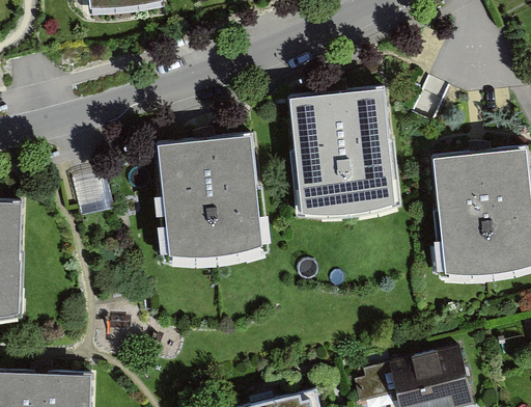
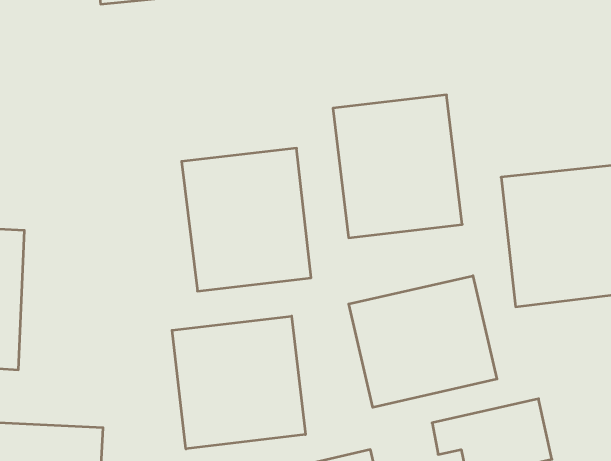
building: none -> [349,276,497,407]
building: none -> [172,316,305,449]

